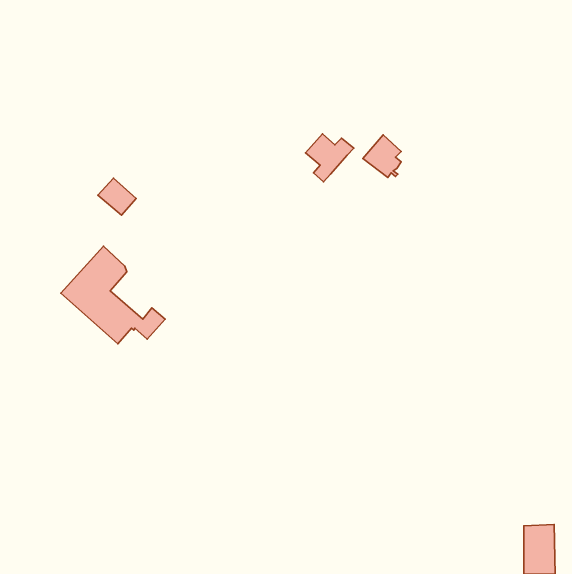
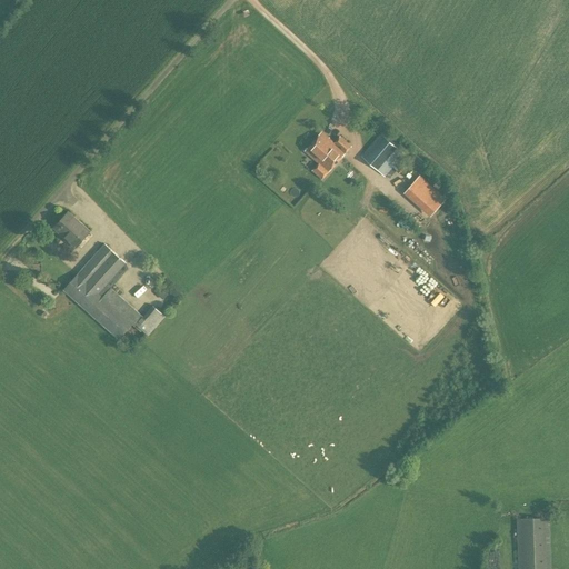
building: [98,178,136,215] -> [50,211,88,248]
building: none -> [403,177,445,217]

